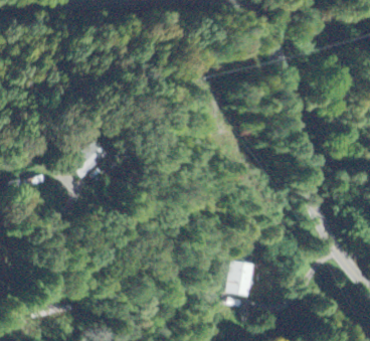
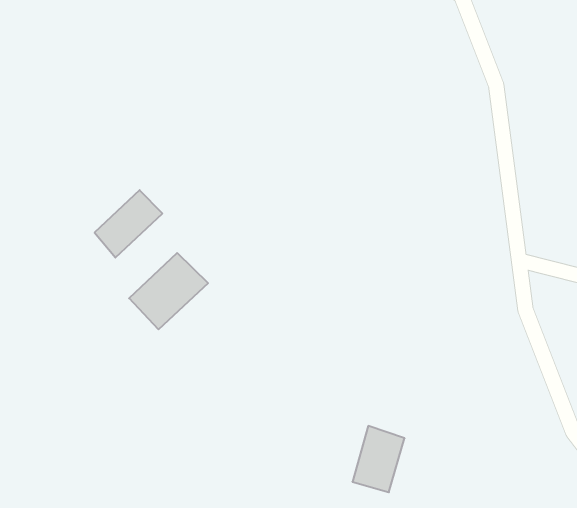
building: none -> [129,253,208,329]

